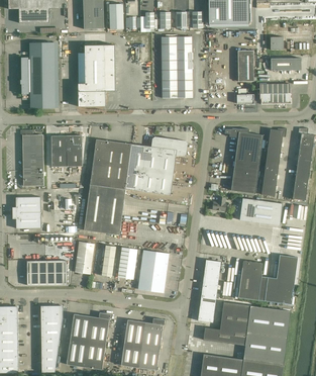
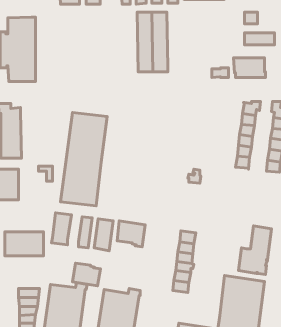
building: [78,43,115,106] -> none
building: [237,50,252,81] -> none
building: [224,127,262,193] -> none
building: [50,134,82,166] -> none
building: [124,135,187,194] -> none
building: [238,197,282,224] -> none
building: [237,260,267,299] -> none
building: [137,269,166,292] -> [73,263,100,286]
building: [202,301,249,345] -> none

